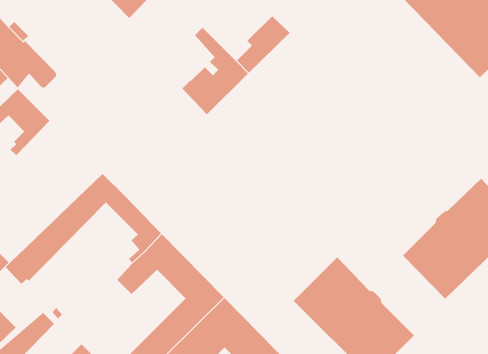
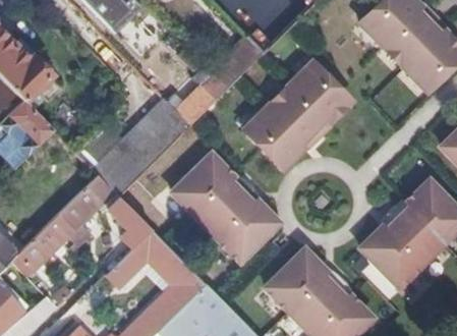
building: none -> [243,61,351,167]
building: none -> [94,99,189,195]
building: none -> [171,154,278,261]

